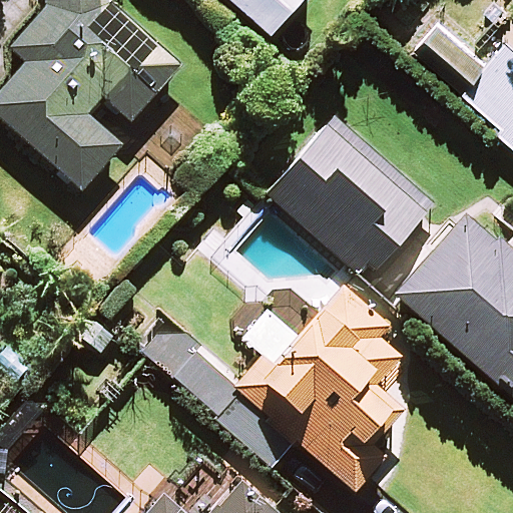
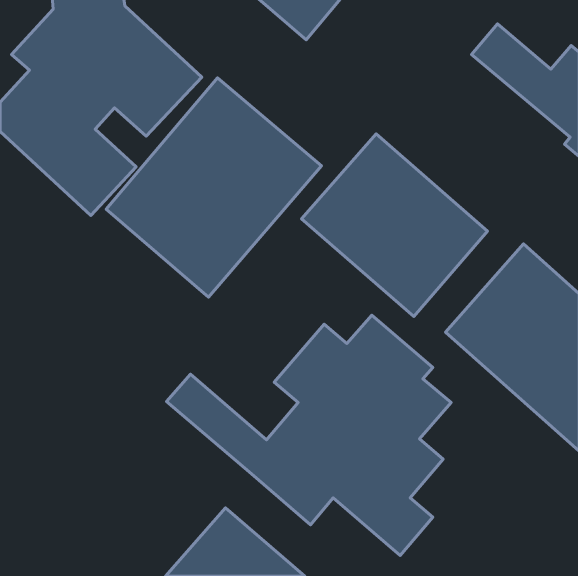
building: none -> [106,78,321,297]

